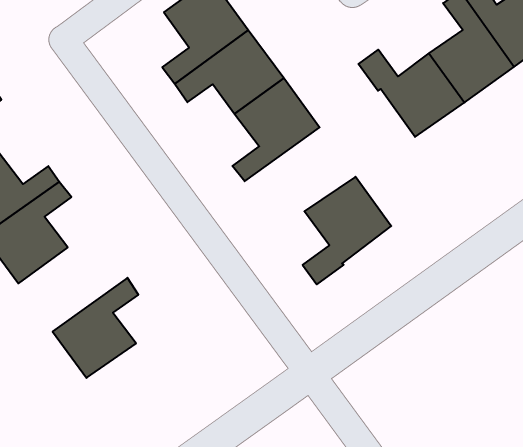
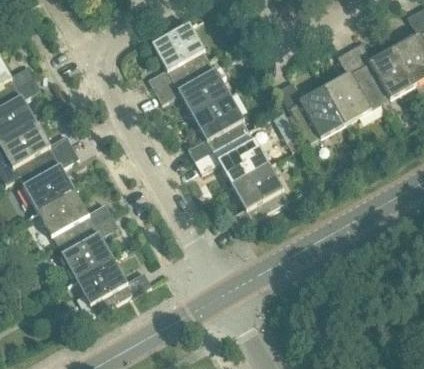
building: none -> [194,128,267,182]
building: none -> [38,189,110,243]
building: none -> [76,257,150,313]

